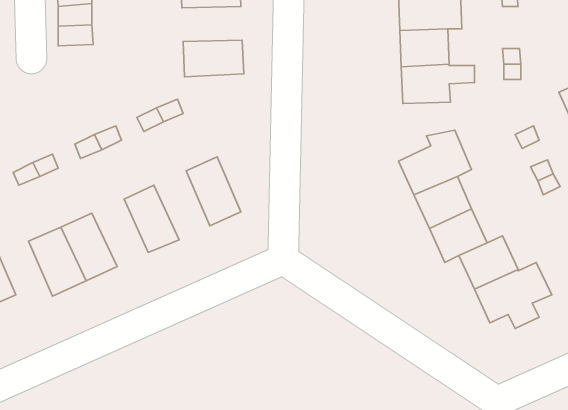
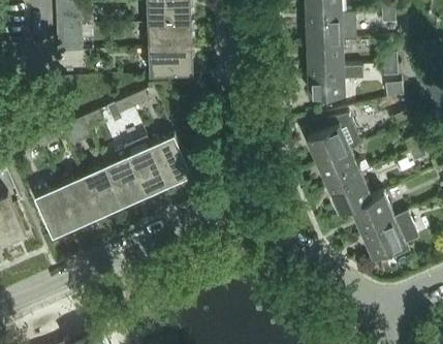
building: none -> [148,26,192,52]
building: none -> [124,138,168,197]
building: none -> [82,167,123,217]

